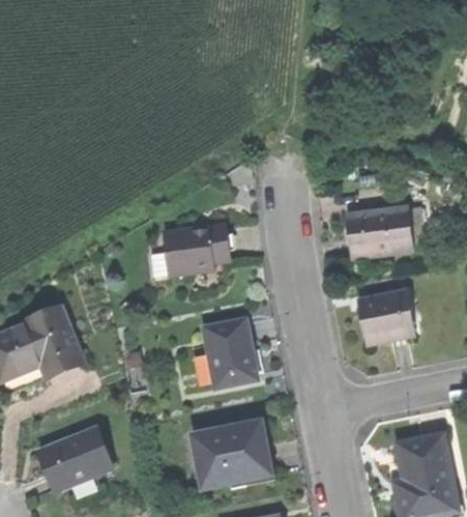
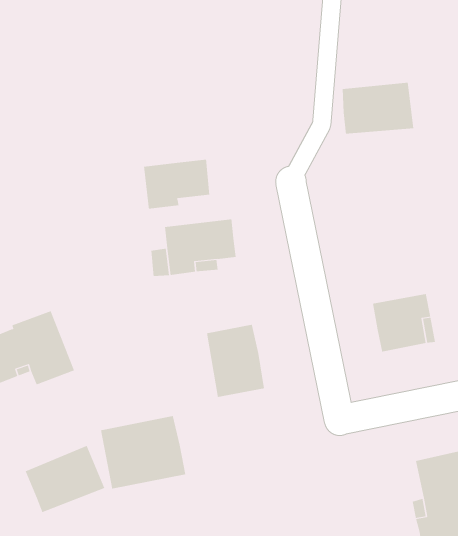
building: none -> [143,159,210,210]
building: [347,207,413,255] -> [342,82,414,134]
building: [193,420,271,487] -> [100,416,186,489]

